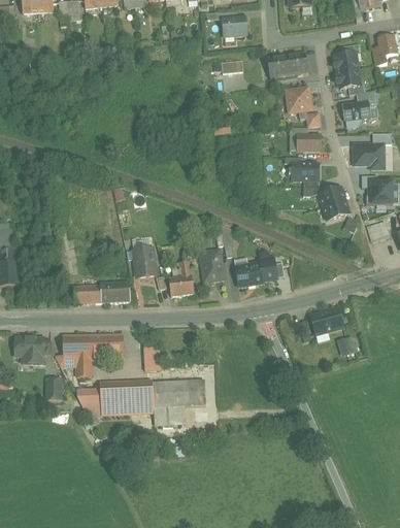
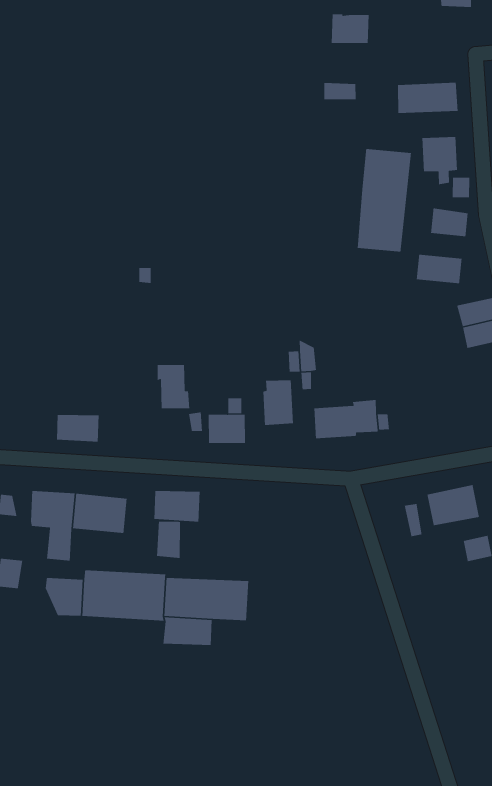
building: none -> [357,148,412,252]
building: [100,282,130,302] -> [153,490,200,522]

